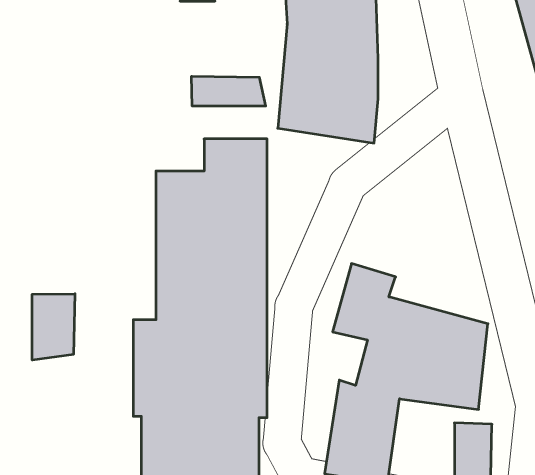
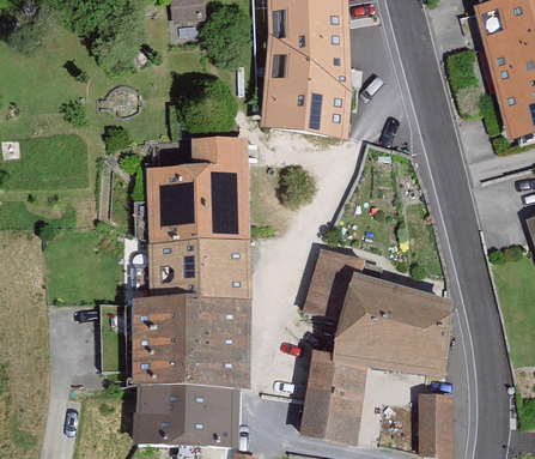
building: [192,76,266,106] -> none
building: [32,294,75,360] -> none

